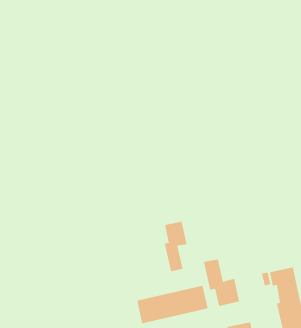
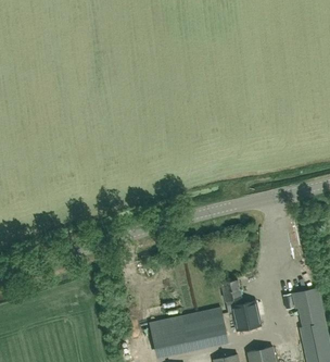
building: [164,221,187,272] -> none

